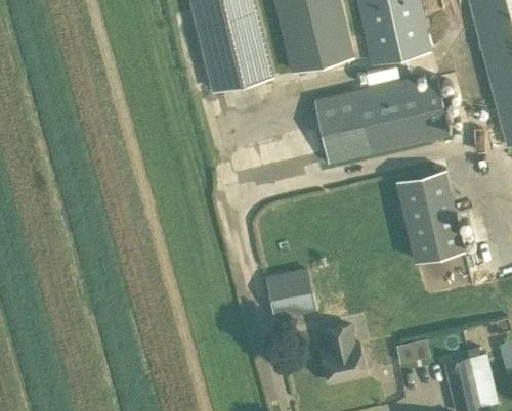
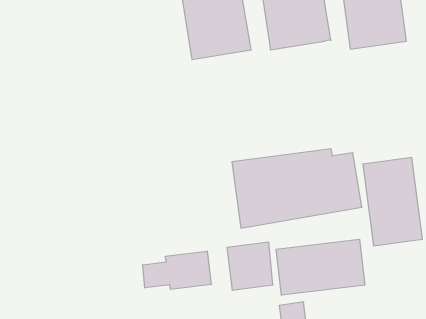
building: [313,77,450,166] -> [232,149,362,228]
building: none -> [276,239,365,295]
building: none -> [143,251,211,289]

